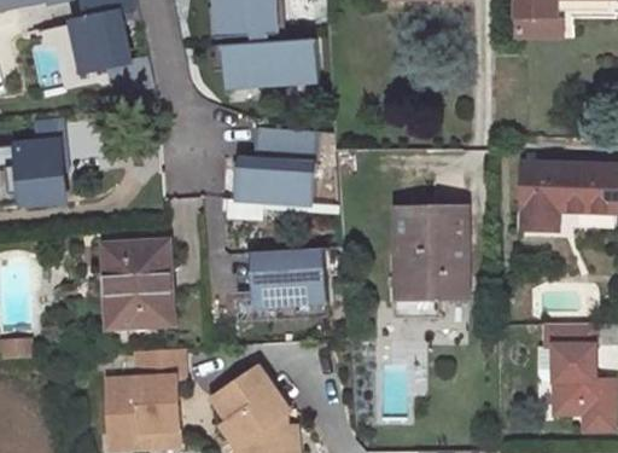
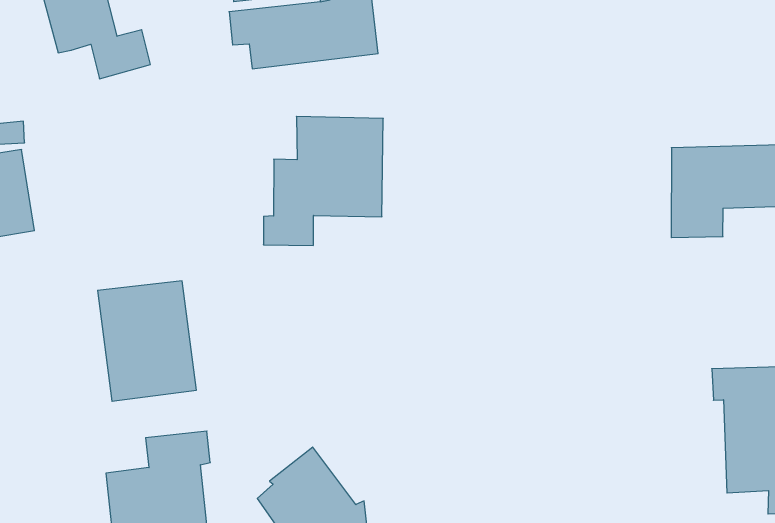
building: [396,207,468,298] -> none
building: [235,246,326,319] -> none

